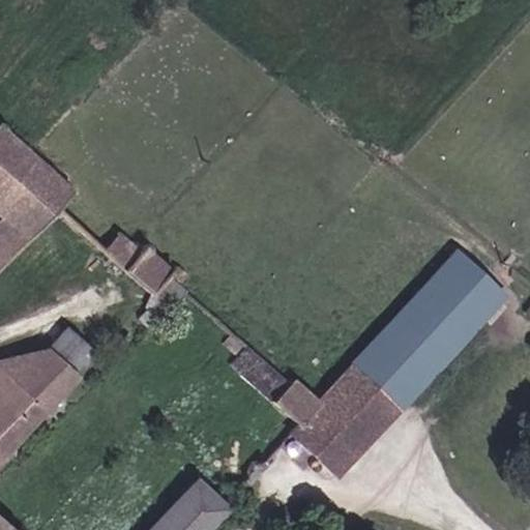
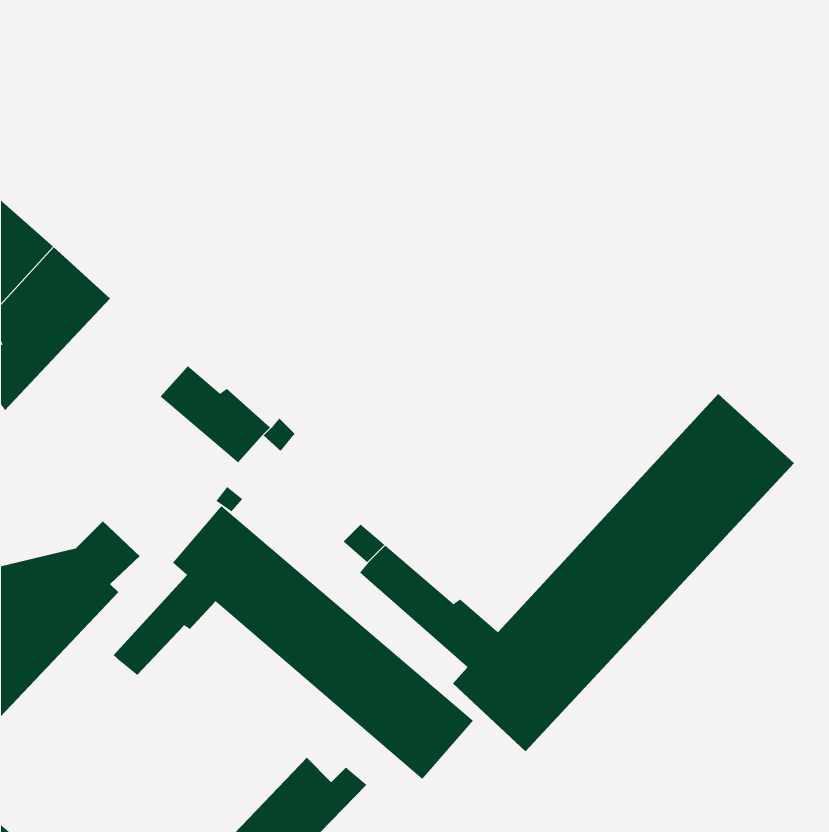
building: none -> [113,505,474,780]

